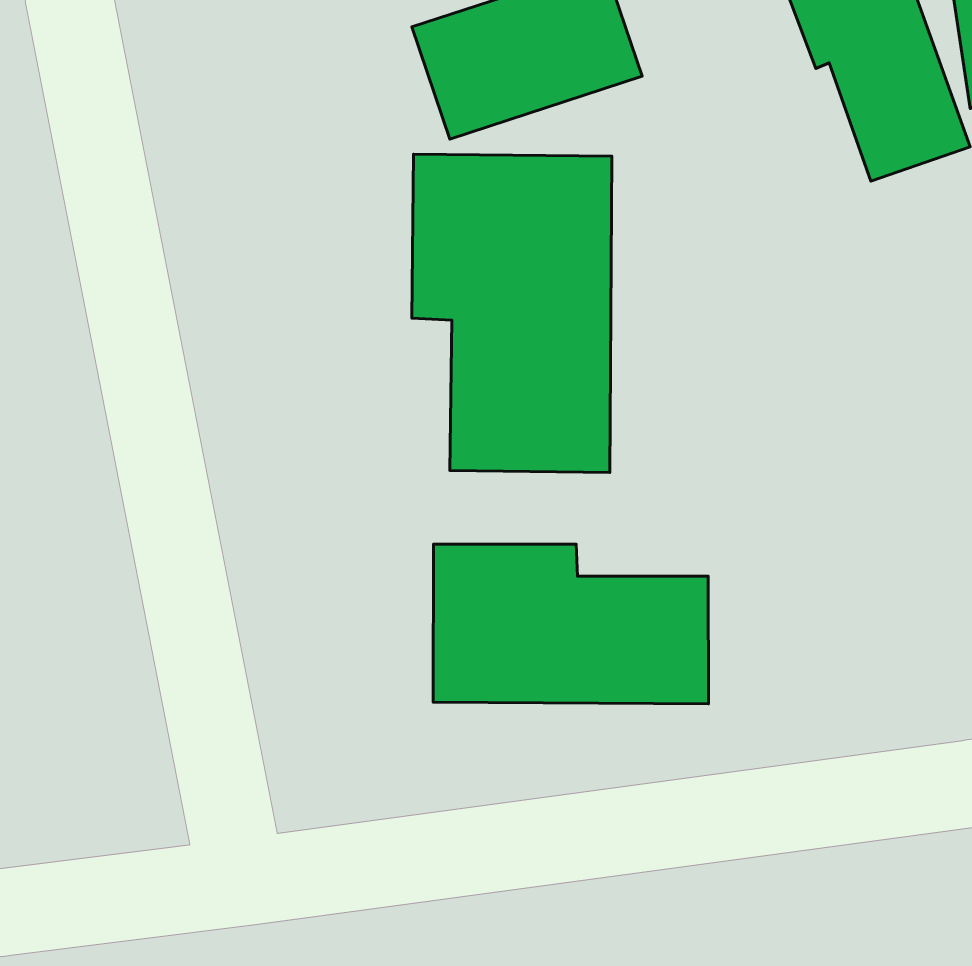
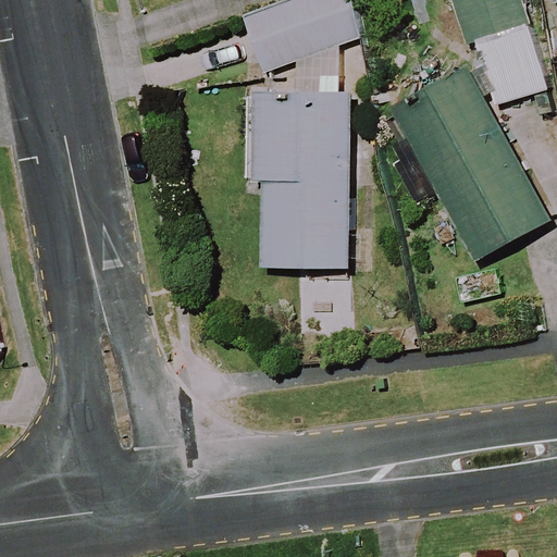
building: none -> [396,67,549,258]
building: [433,544,708,704] -> none

